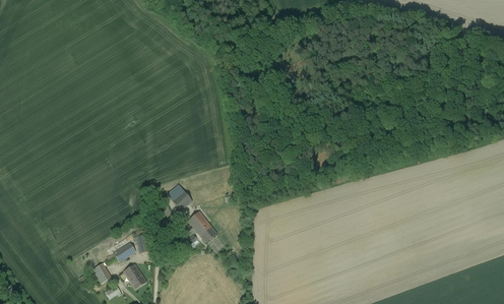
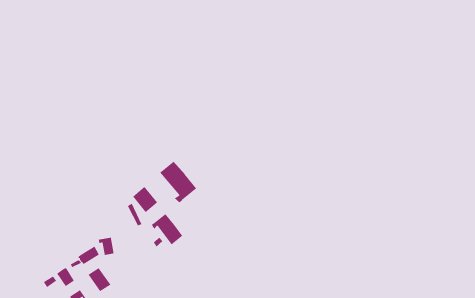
building: none -> [159,161,197,203]

